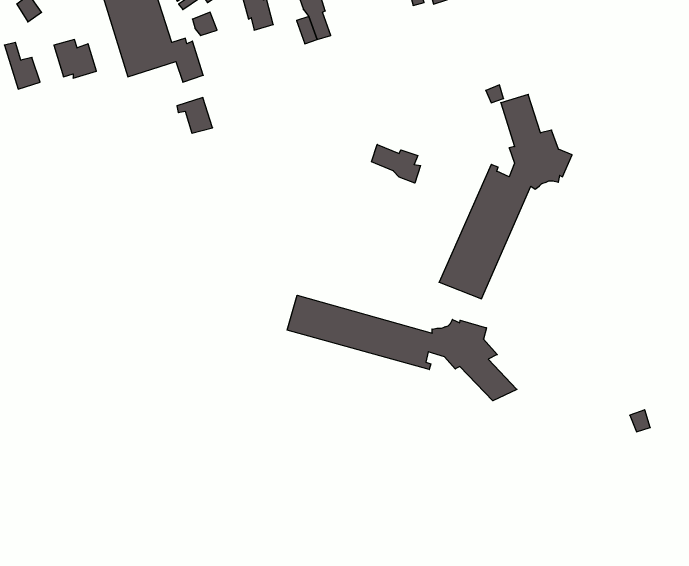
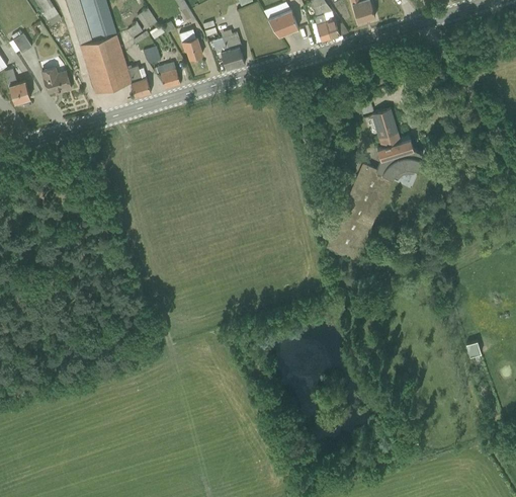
building: [177,98,213,133] -> [154,62,180,88]
building: [371,144,421,183] -> none
building: [287,295,517,401] -> none

